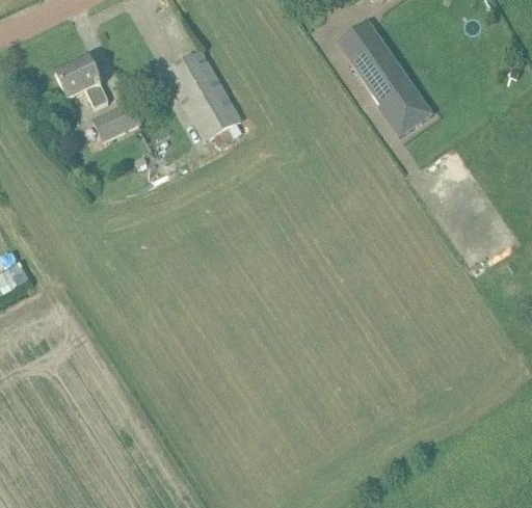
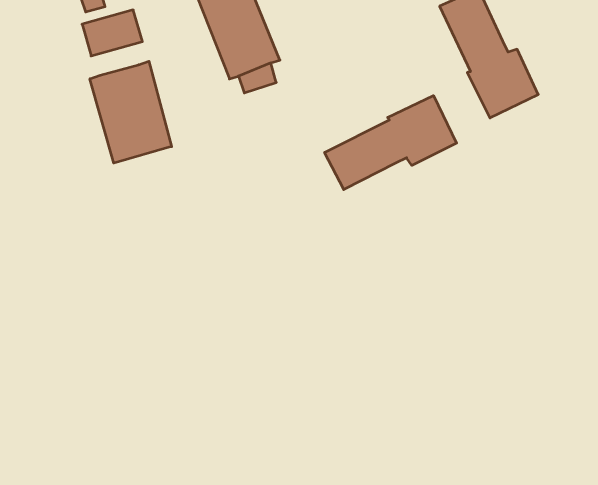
building: none -> [325,96,457,190]
building: none -> [90,61,172,163]

